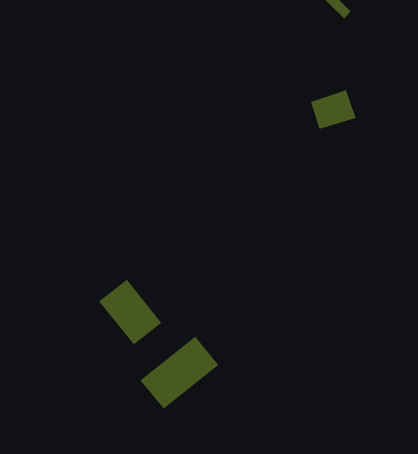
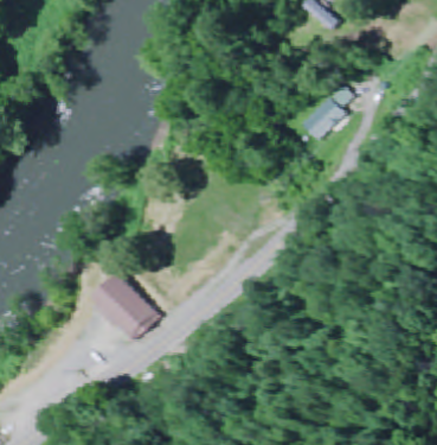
building: [140,336,219,409] -> none

